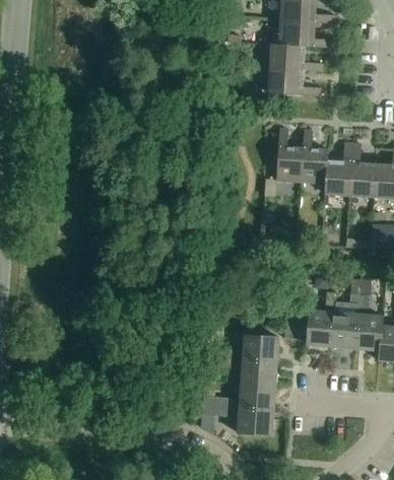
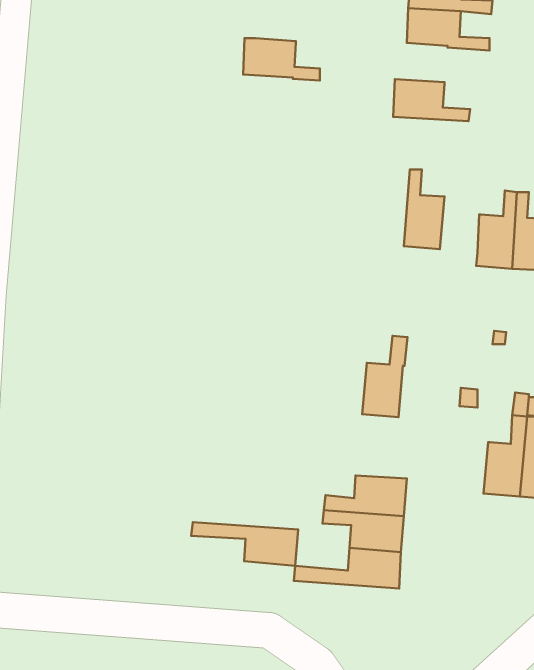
building: [270,43,322,71] -> [243,38,320,80]
building: [301,129,329,184] -> none
building: [306,291,336,346] -> [362,336,407,417]
building: [201,405,273,434] -> [191,522,298,566]

